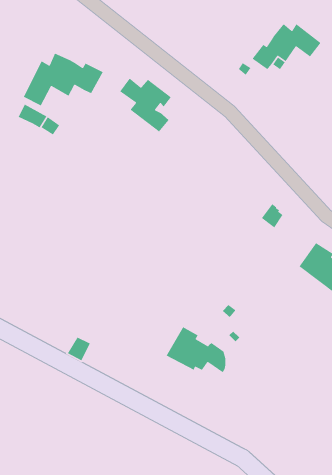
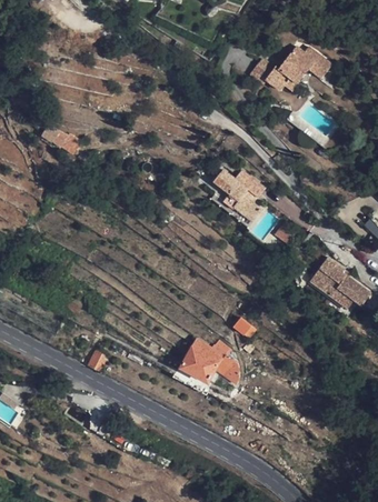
building: [23,52,104,107] -> none
building: [119,78,172,133] -> [213,169,265,222]

